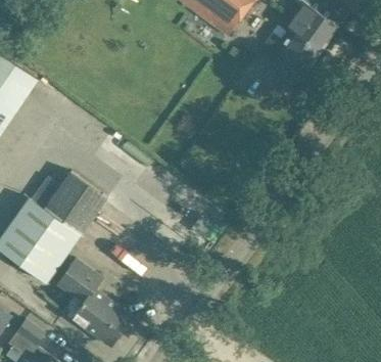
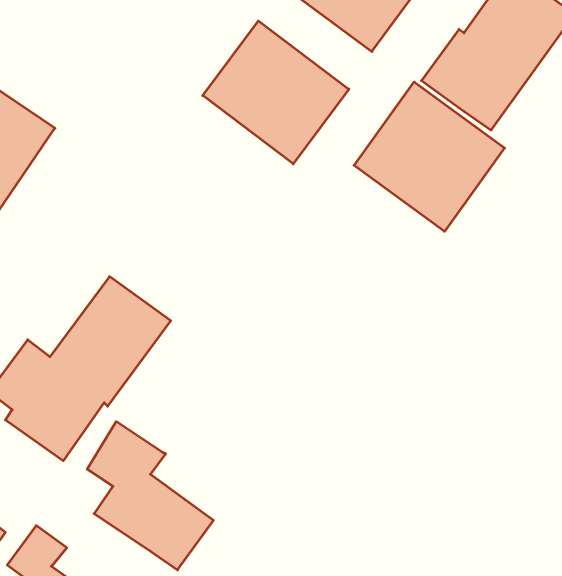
building: none -> [203,21,349,164]
building: none -> [354,82,505,231]

